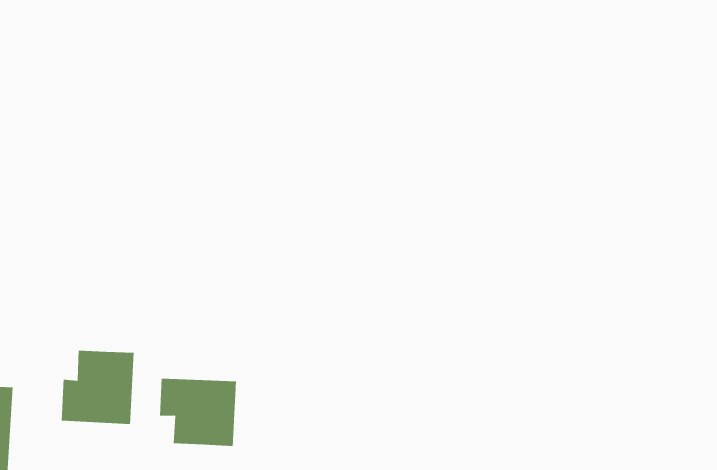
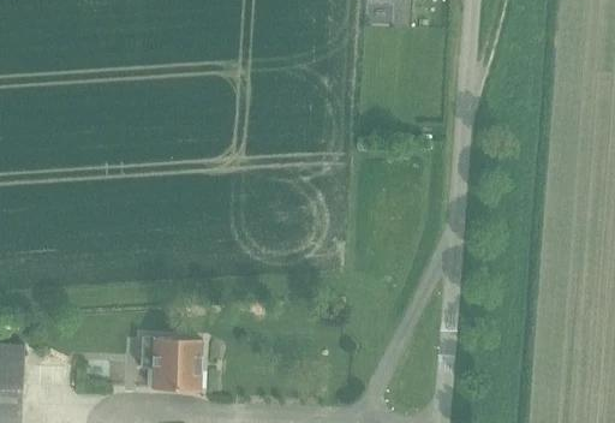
building: [61,350,134,425] -> none

